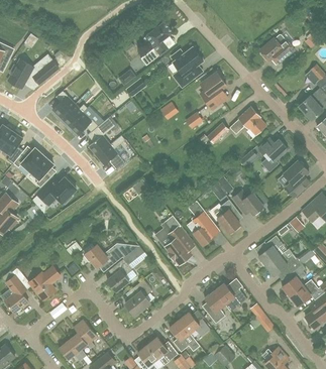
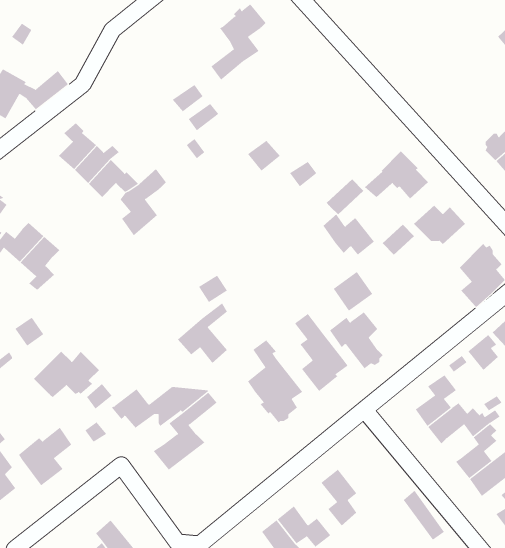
building: [258,34,293,65] -> none
building: [170,47,202,87] -> none
building: [199,70,227,110] -> none
building: [95,135,124,170] -> [177,303,228,364]
building: [36,177,75,205] -> [33,351,100,398]
building: [232,191,262,215] -> [322,214,375,256]
building: [124,279,151,316] -> none
building: [213,283,245,312] -> none

